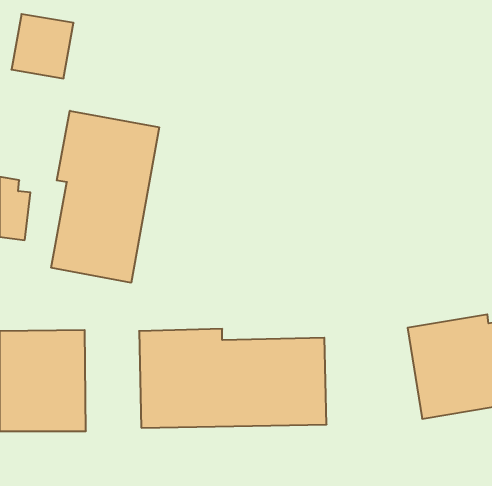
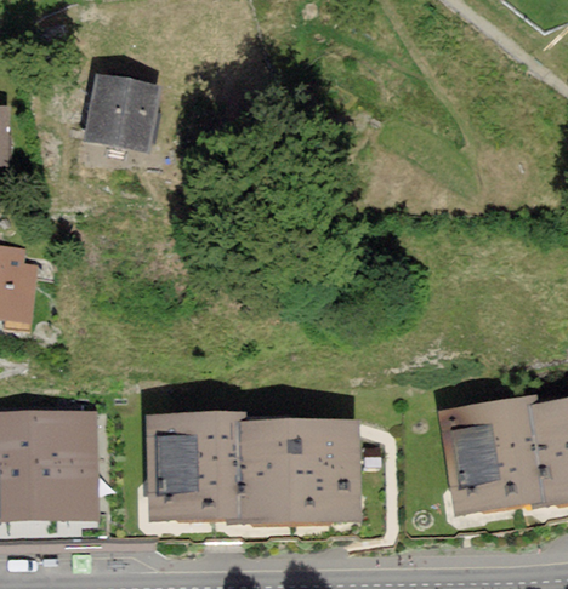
building: [11,14,74,78] -> [89,74,157,144]
building: [51,111,159,283] -> none

